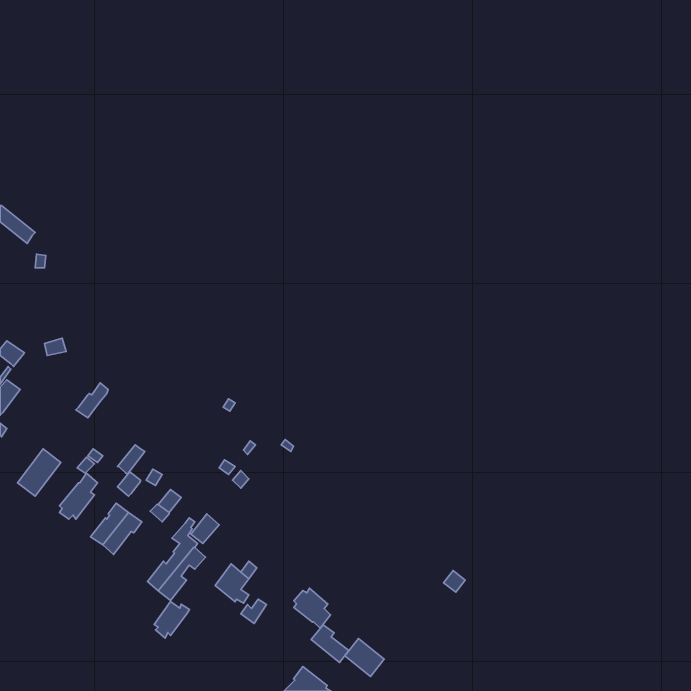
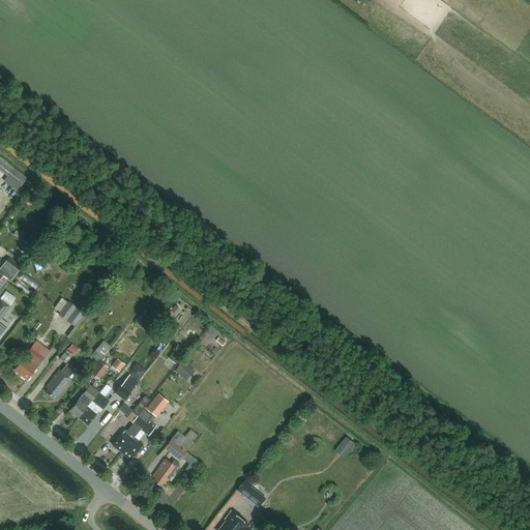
building: [294,588,331,628] -> none
building: [154,602,189,638] -> [152,459,179,487]
building: [345,639,384,676] -> none

